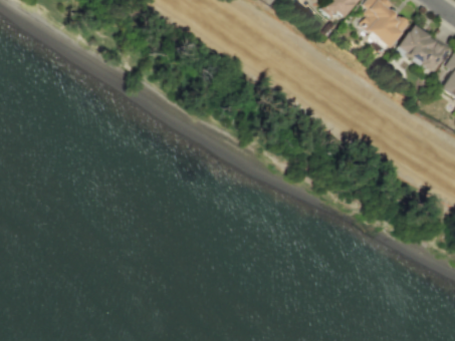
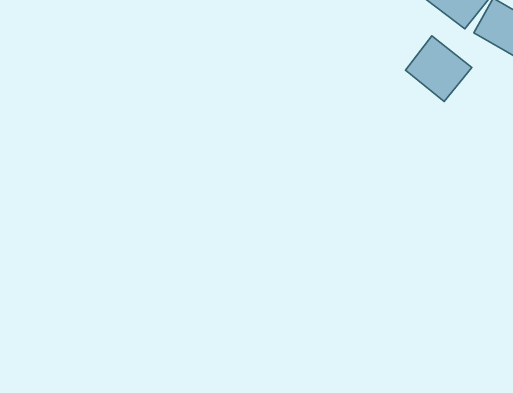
building: none -> [406,36,472,101]

